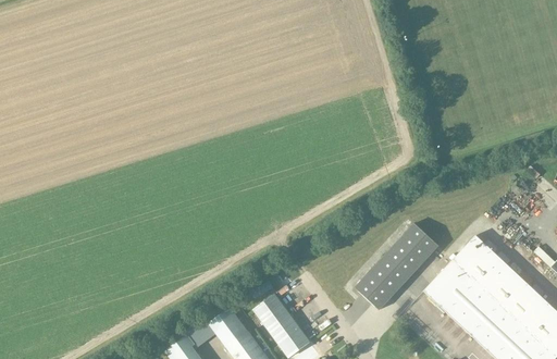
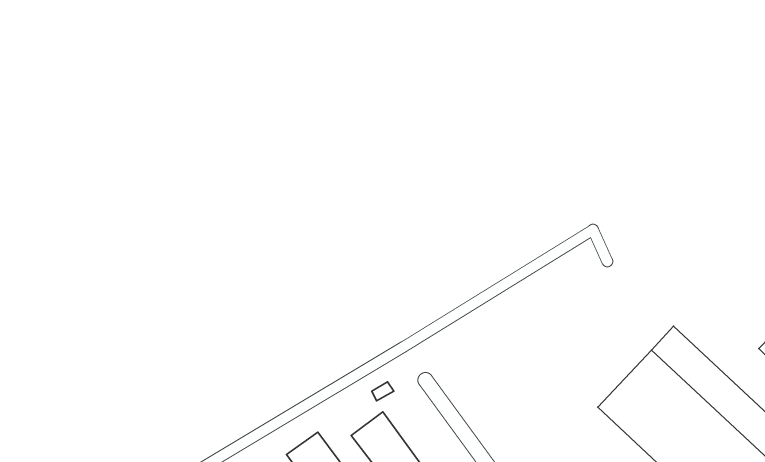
building: [355,223,438,310] -> none

